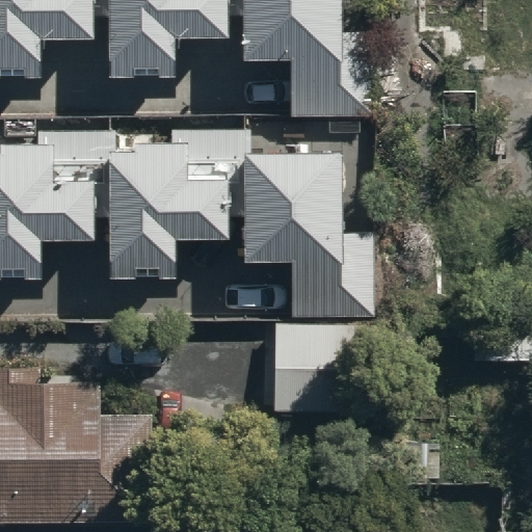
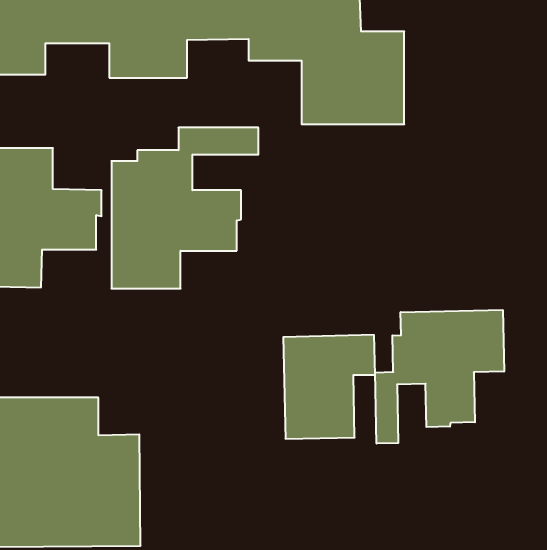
building: [241,152,371,302] -> none
building: none -> [375,310,504,444]

